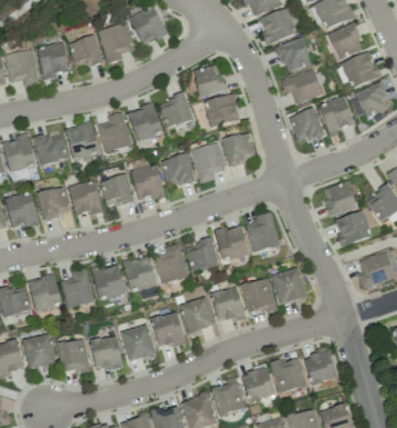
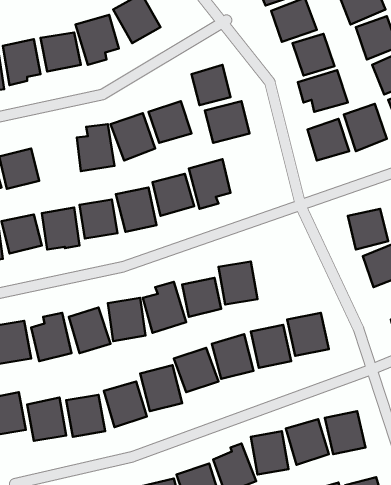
building: [66,122,99,160] -> none
building: [222,131,256,166] -> none
building: [246,211,280,251] -> none

